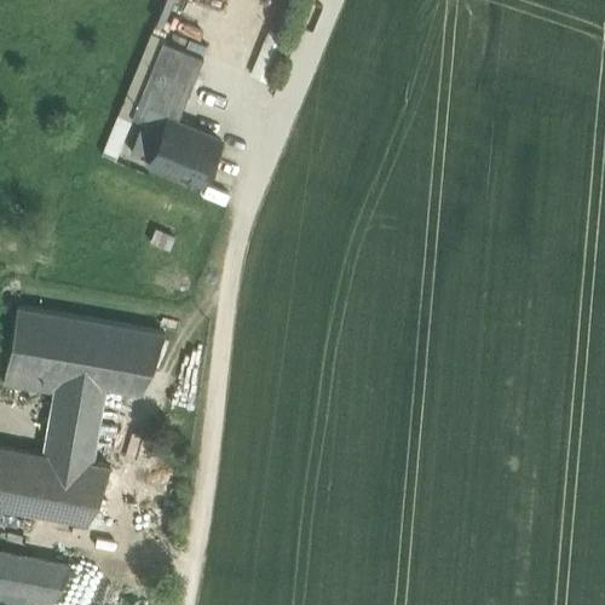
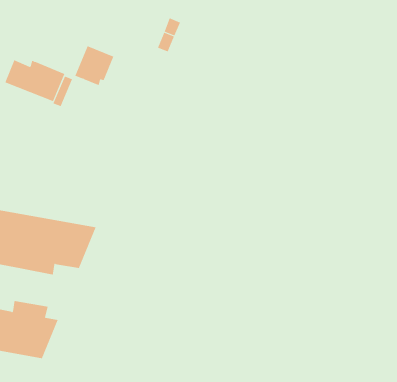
building: [151,44,203,91] -> none
building: [132,123,219,184] -> [4,60,65,102]
building: [46,396,103,450] -> none

